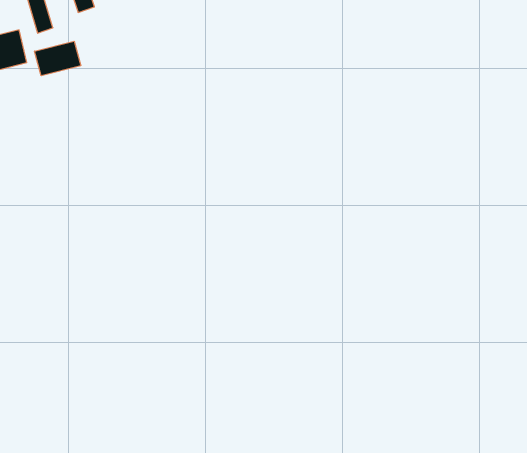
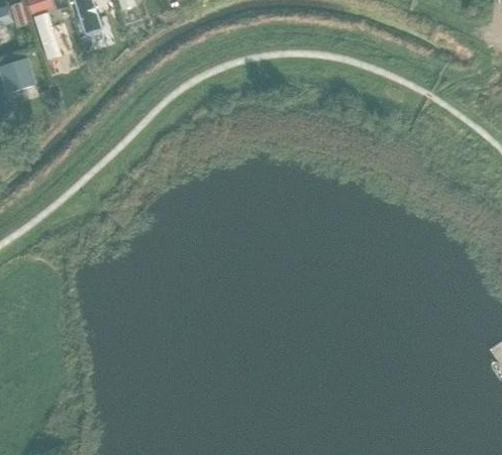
building: [35,41,81,76] -> none

